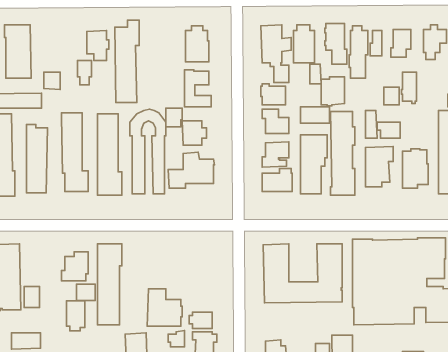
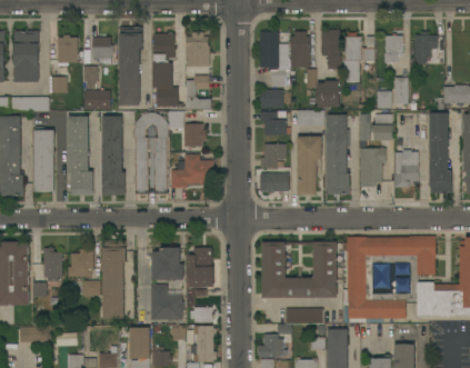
building: none -> [153,33,182,108]
building: none -> [57,34,78,63]
building: none -> [84,90,110,110]
building: none -> [152,248,183,280]
building: none -> [188,248,213,288]
building: [66,301,85,331] -> [43,252,61,281]
building: none -> [286,308,323,324]

